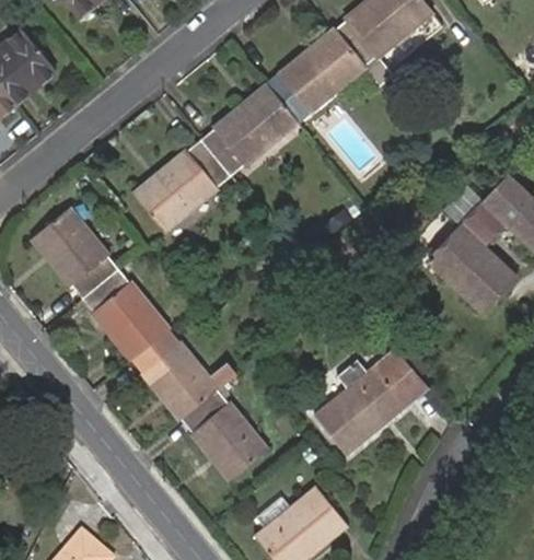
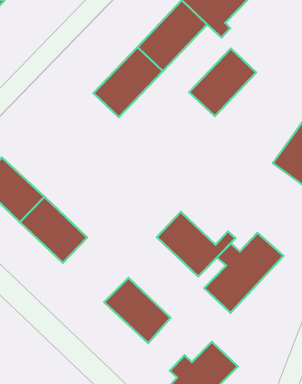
building: none -> [189,48,256,116]
building: [135,139,231,231] -> none
building: [132,329,236,418] -> [157,212,235,277]

